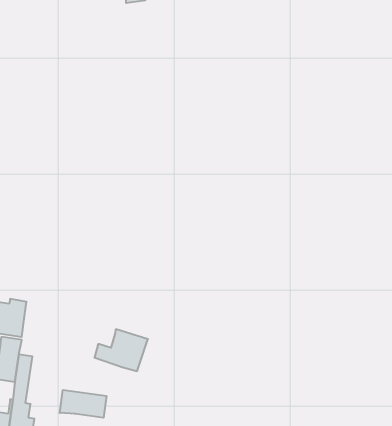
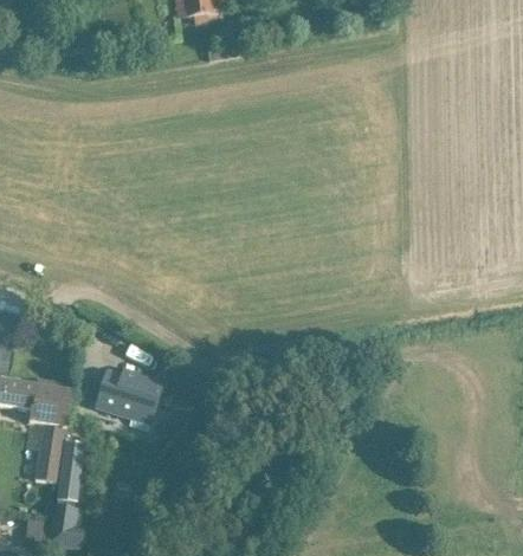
building: [94,329,148,371] -> [96,370,161,421]
building: [60,390,106,418] -> none

